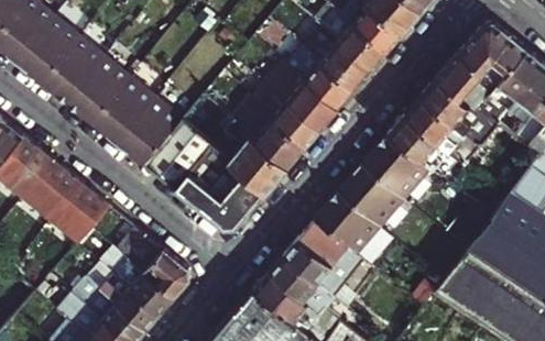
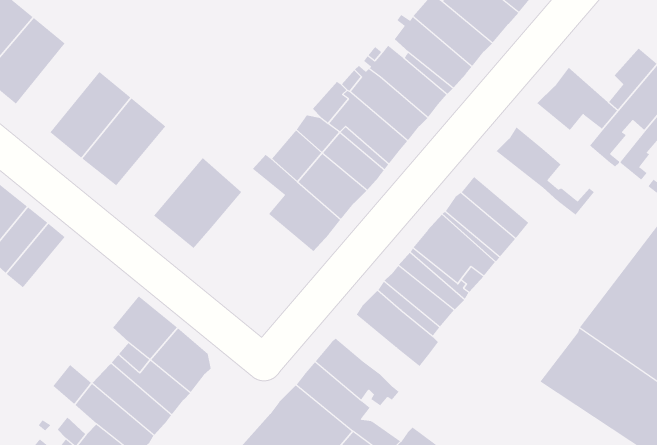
building: [459,23,512,78] -> none
building: [42,34,105,101] -> none
building: [419,79,494,146] -> none
building: [118,97,184,164] -> none
building: [388,116,465,184] -> none
building: [176,163,266,229] -> none
building: [47,180,108,242] -> none
building: [283,239,347,297] -> none

